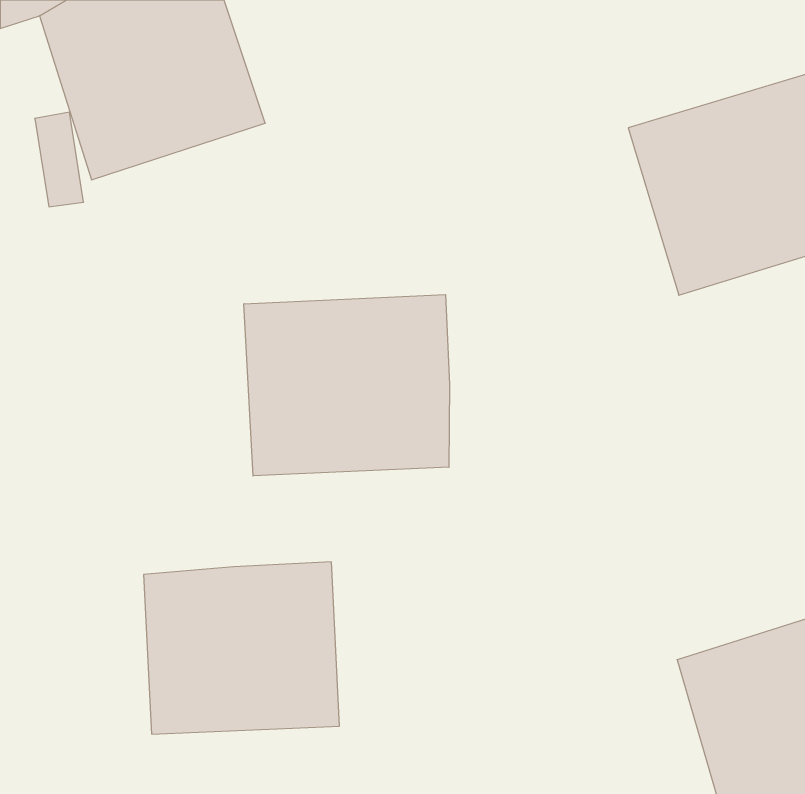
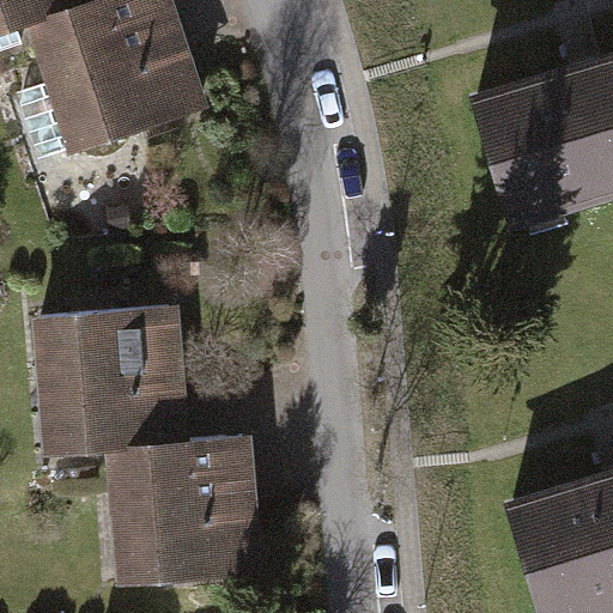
building: [244,295,450,476] -> none
building: none -> [25,302,178,449]

